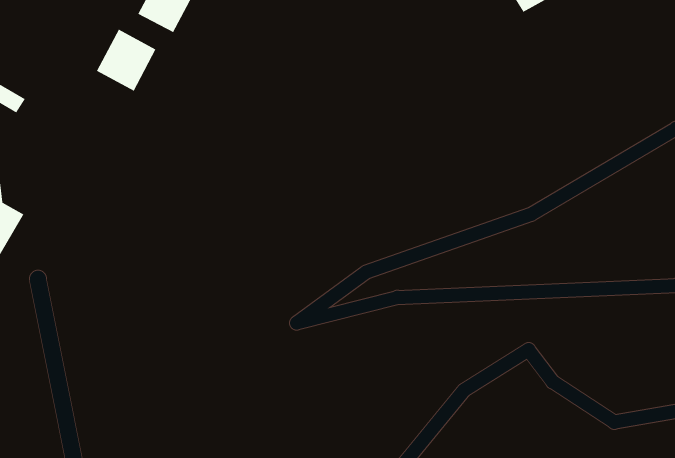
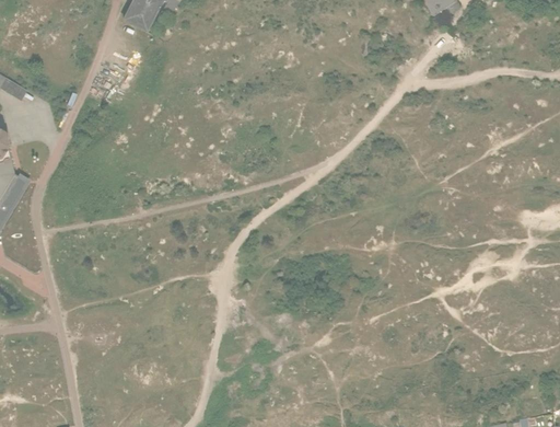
building: [96,29,157,92] -> none

